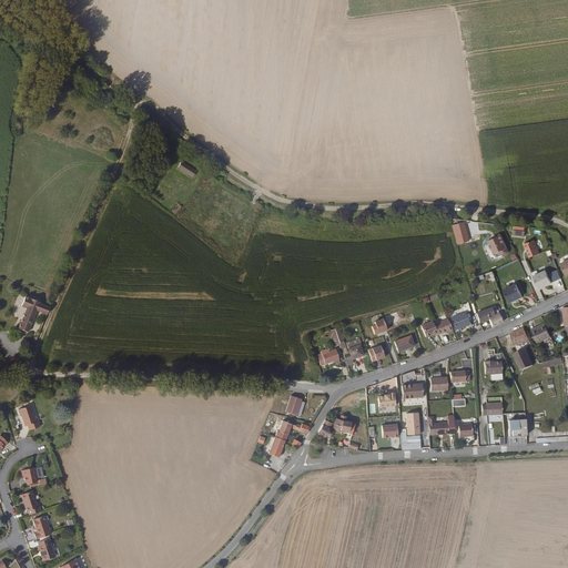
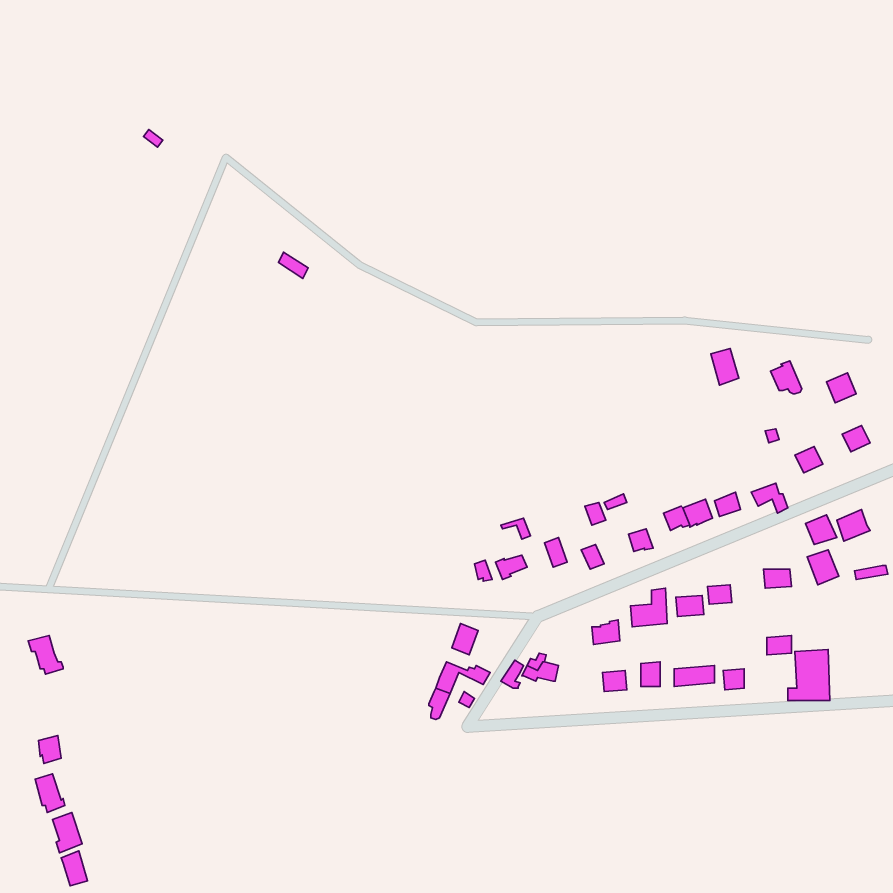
building: [18,295,49,332] -> none

